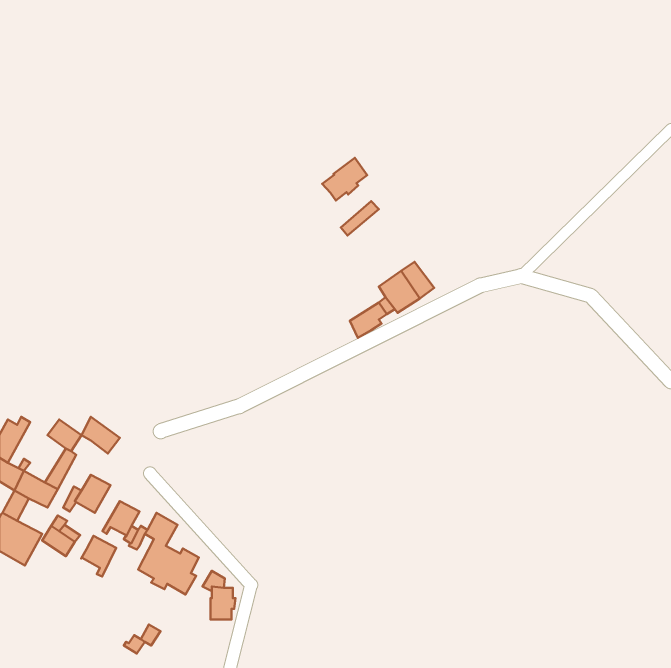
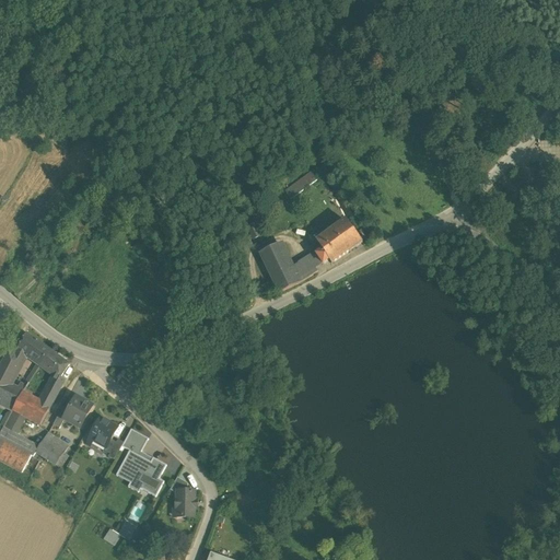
building: [322,158,367,200] -> none
building: none -> [258,241,298,291]
building: [82,417,120,454] -> [18,331,49,362]
building: [81,536,116,576] -> none

